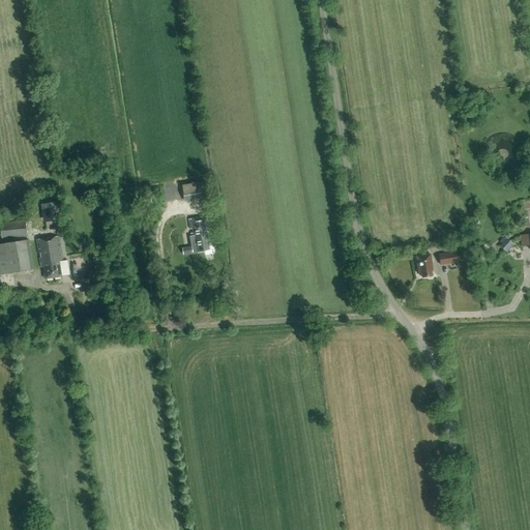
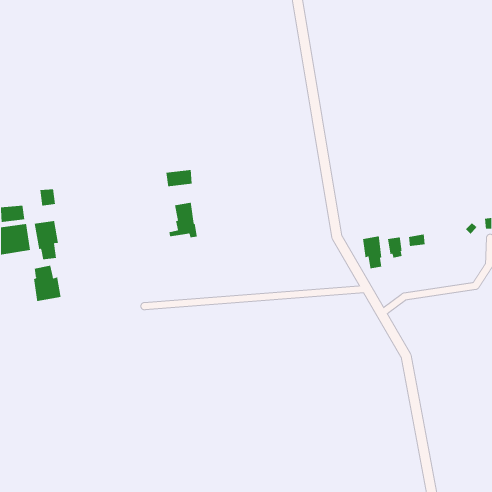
building: none -> [362,235,382,269]
building: none -> [33,265,61,302]

